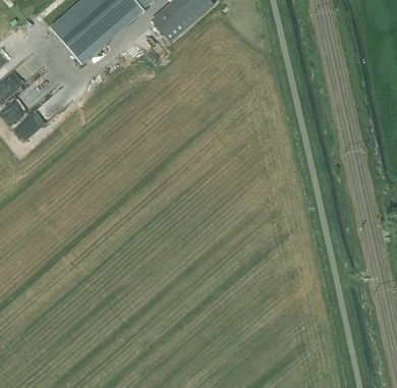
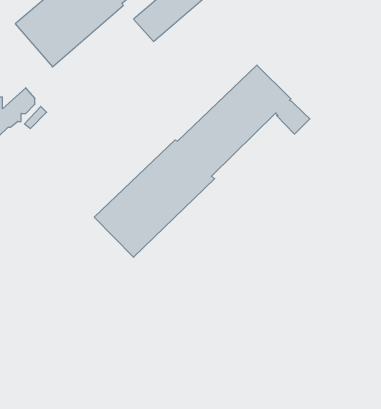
building: none -> [94,65,310,257]

